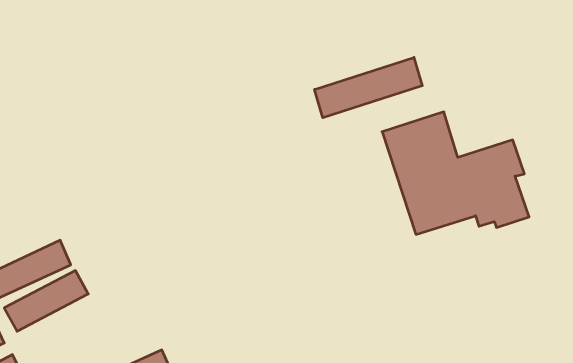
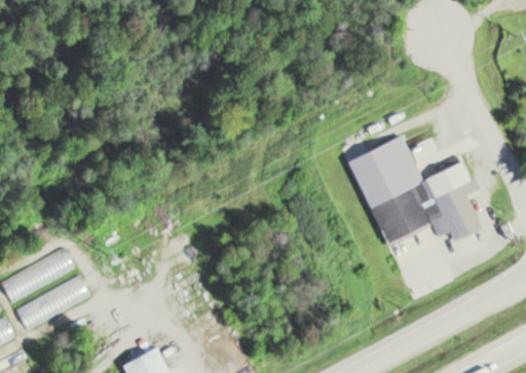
building: [315,57,422,118] -> none

